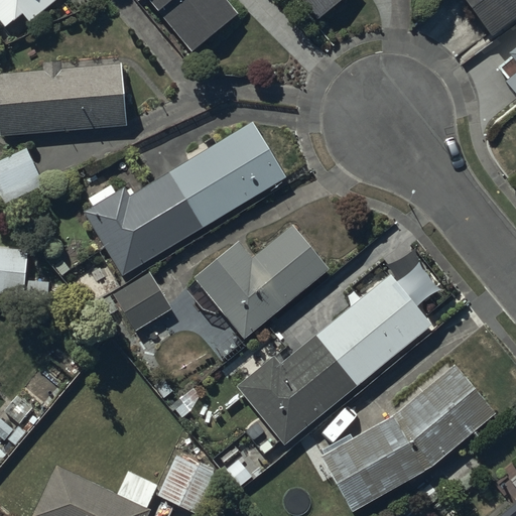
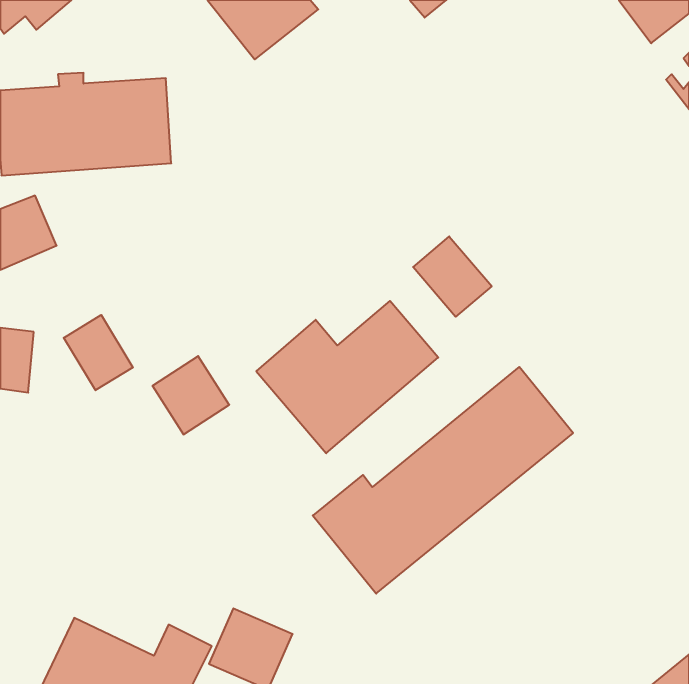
building: [82,120,286,274] -> none
building: none -> [413,236,492,317]
building: none -> [64,315,133,390]
building: [320,360,496,505] -> none

